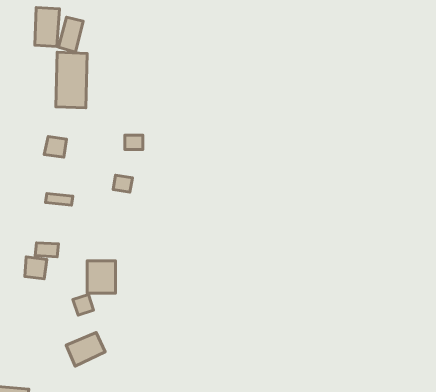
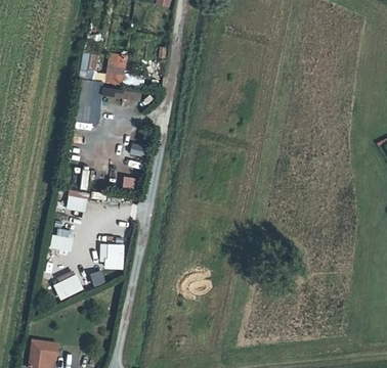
building: [35,8,59,46] -> [106,52,126,83]
building: [66,332,105,366] -> [53,273,84,300]

